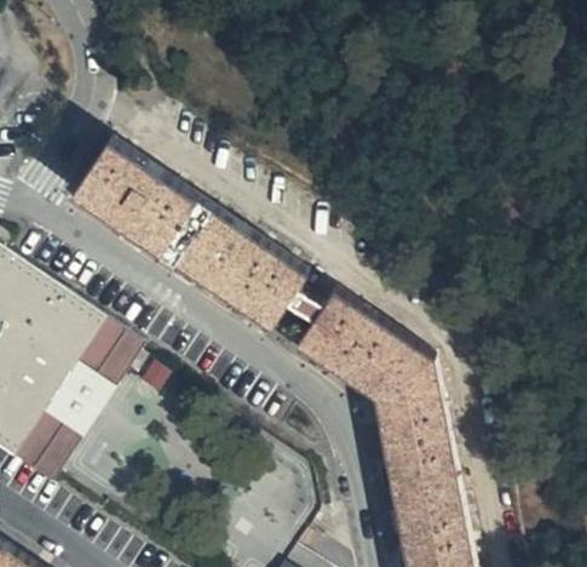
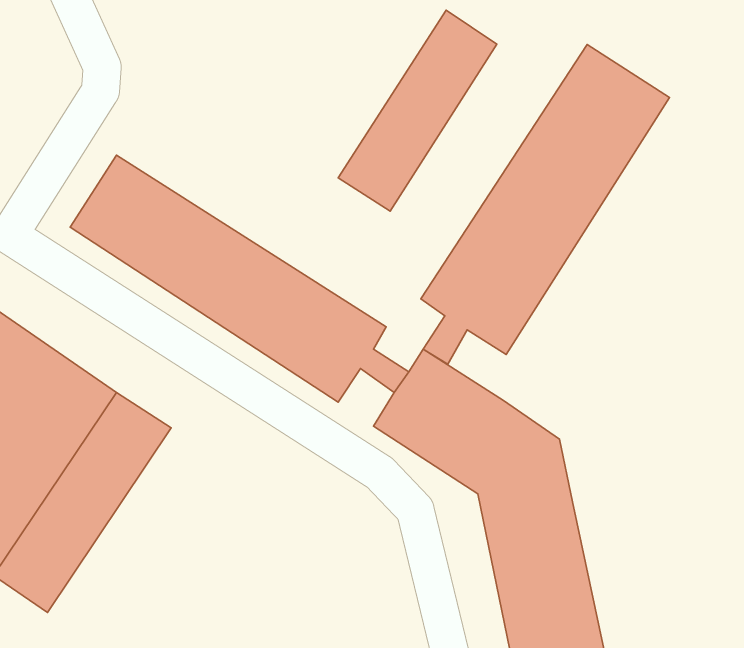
building: none -> [338,10,497,211]
building: none -> [421,45,669,364]

